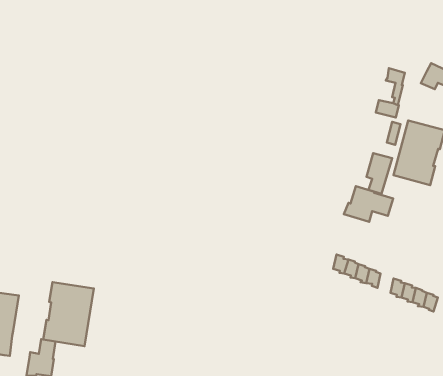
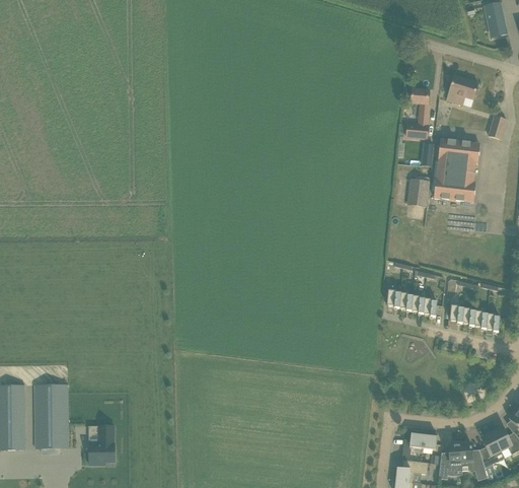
building: [344,186,393,222] -> none
building: [43,282,94,346] -> none

